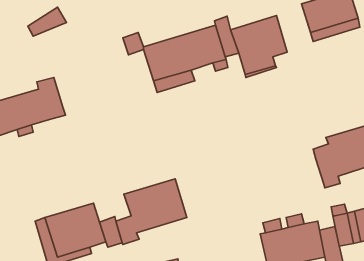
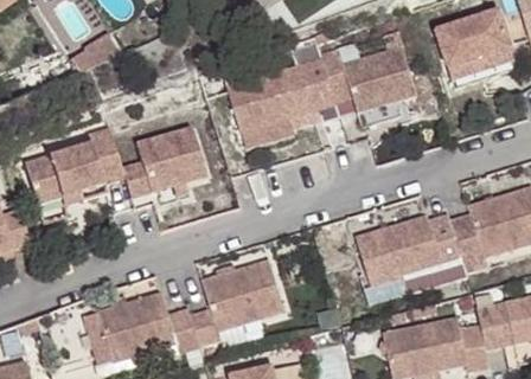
building: none -> [121,123,205,195]
building: none -> [357,216,466,287]

